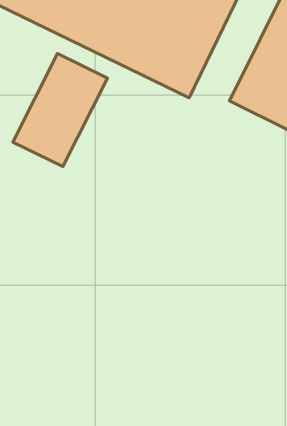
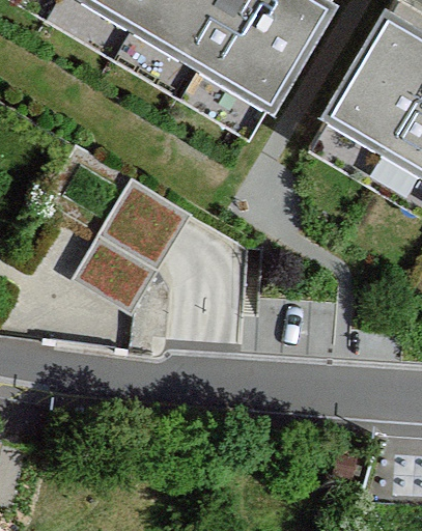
building: [13,54,107,167] -> [81,173,198,307]

